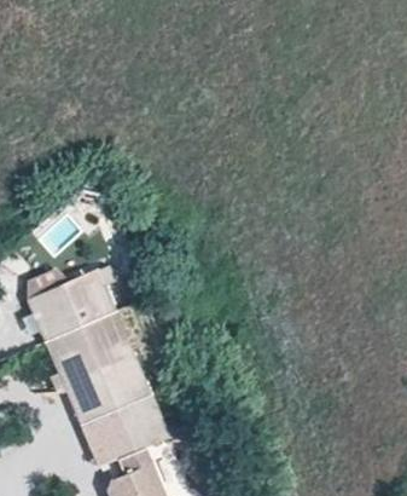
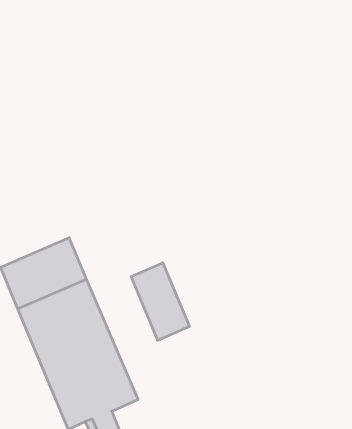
building: none -> [131,263,189,340]

